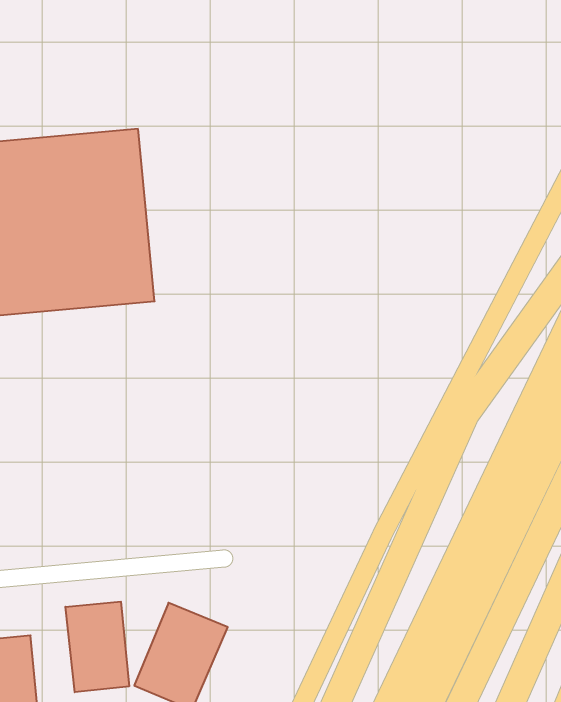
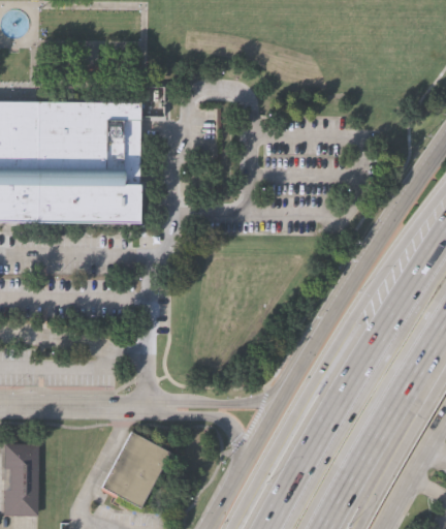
building: [65,602,129,692] -> none

